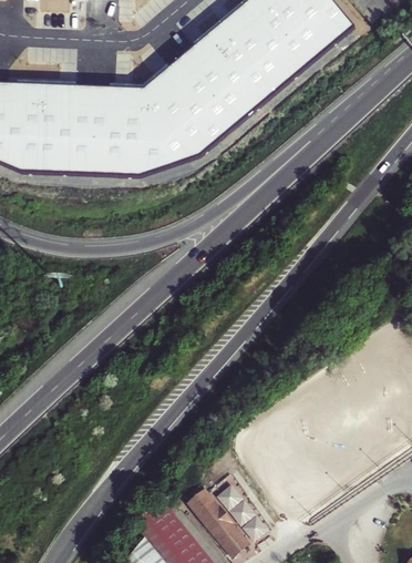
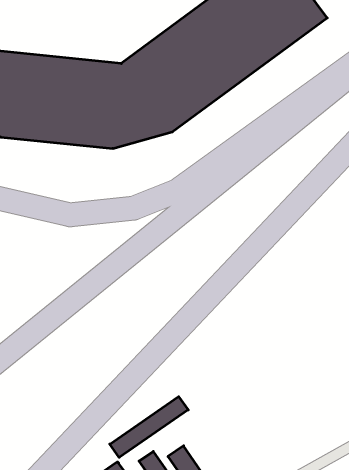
building: none -> [110,397,188,457]

